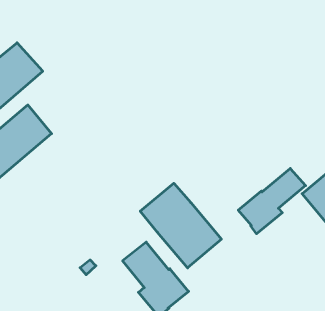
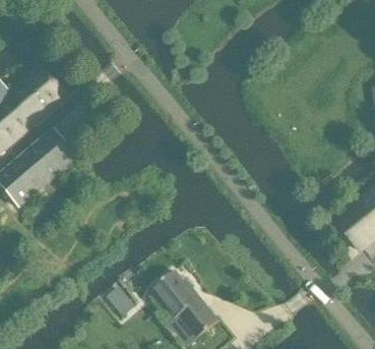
building: [238,168,306,234] -> none
building: [140,183,221,268] -> none

